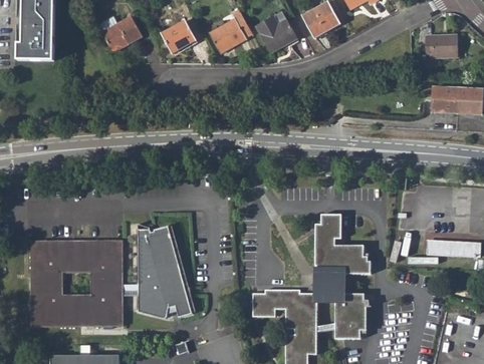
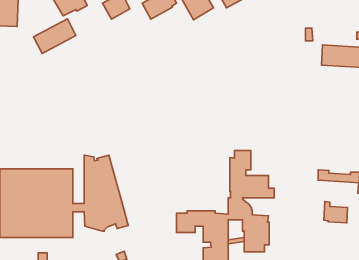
building: [425,34,457,63] -> none
building: none -> [34,19,76,53]
building: none -> [324,202,348,223]

